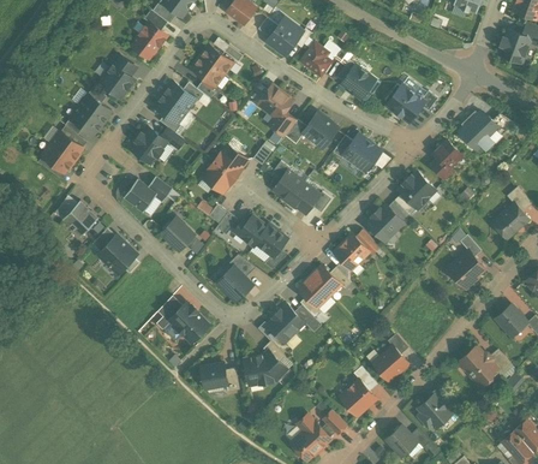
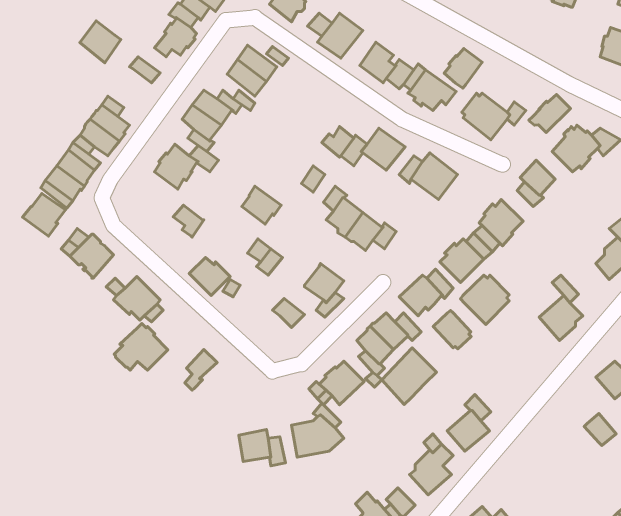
building: none -> [444,48,482,88]
building: [101,64,134,99] -> [80,21,121,63]
building: [261,84,294,120] -> none
building: none -> [529,94,571,132]
building: [215,145,247,177] -> none
building: none -> [23,193,65,236]
building: [124,179,157,213] -> none
building: [234,215,268,246] -> none
building: none -> [460,275,509,324]
building: none -> [433,311,471,349]
building: [220,268,252,301] -> none
building: none -> [382,348,437,405]
building: [165,303,209,341] -> [114,324,168,370]
building: [458,347,498,388] -> none
building: [419,394,450,428] -> none

